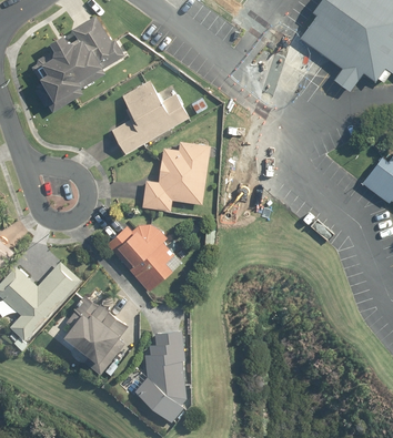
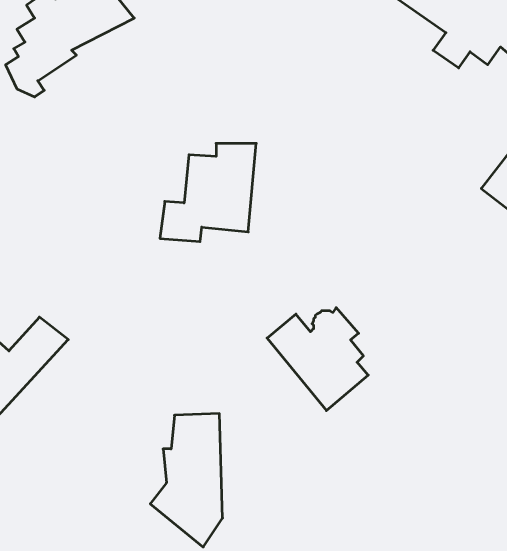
building: [111,80,190,155] -> none
building: [104,224,174,295] -> [267,308,368,411]
building: [63,308,123,369] -> none

